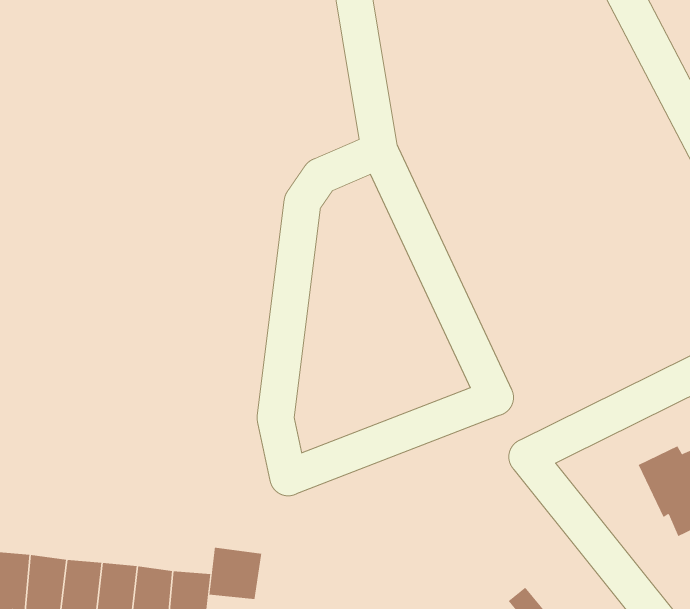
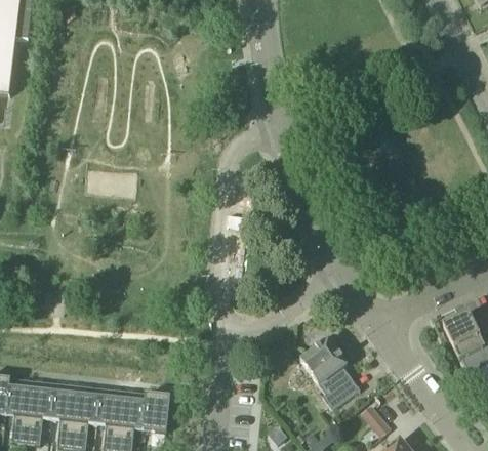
building: none -> [300,336,360,410]
building: [209,547,262,600] -> none

